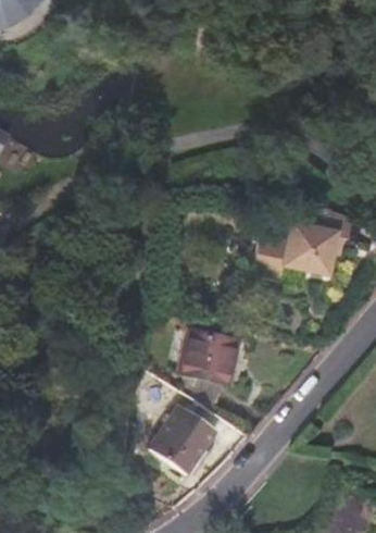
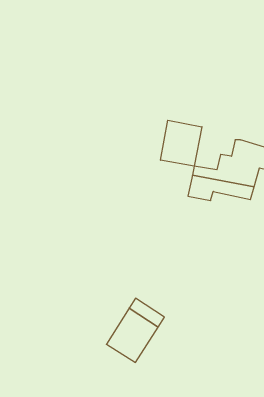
building: none -> [161,120,202,166]
building: [181,329,239,383] -> none

